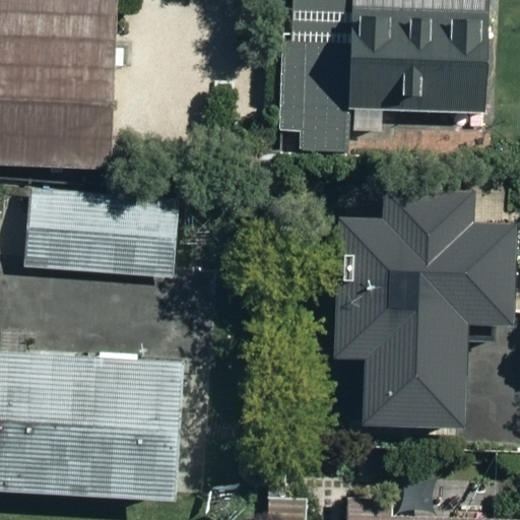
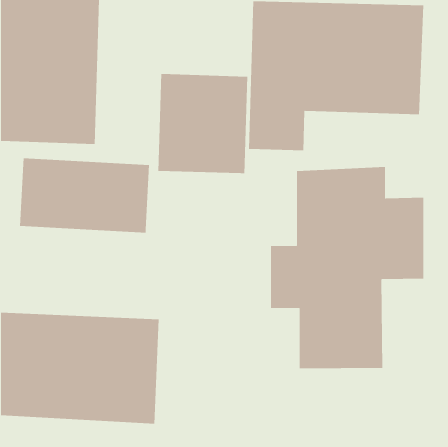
building: none -> [158,73,248,174]

